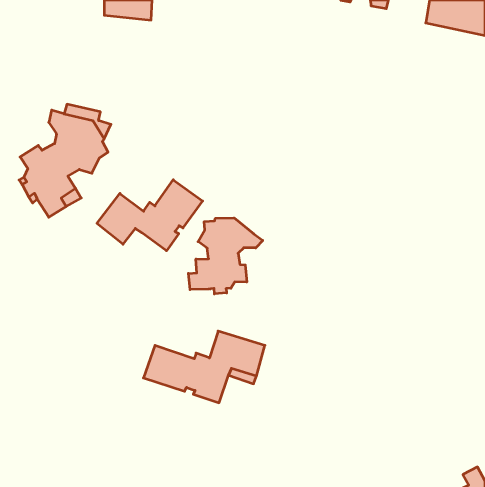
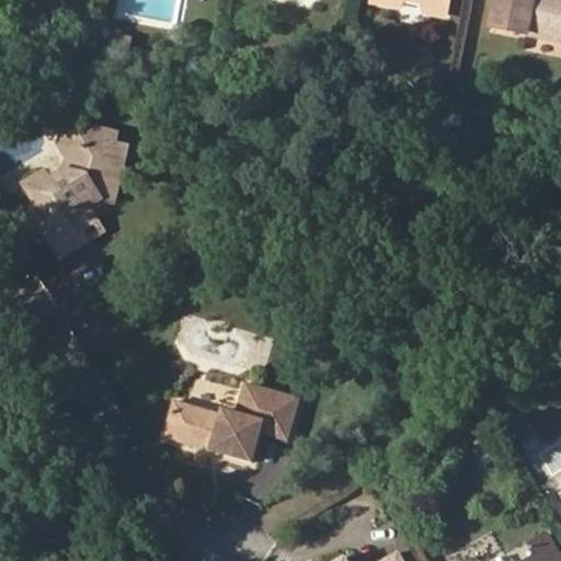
building: [97,180,203,251] -> none
building: [188,218,263,294] -> none

